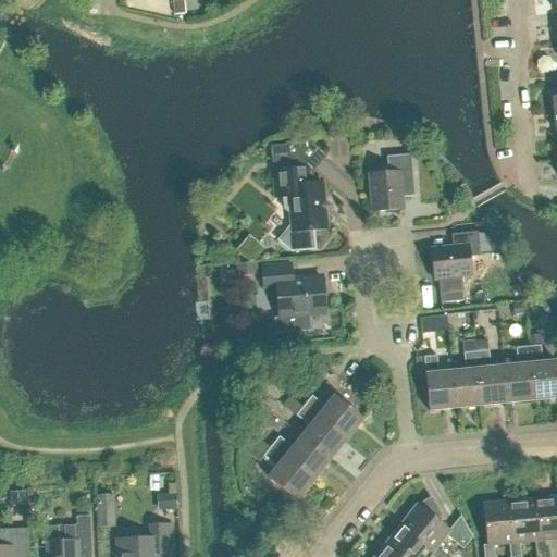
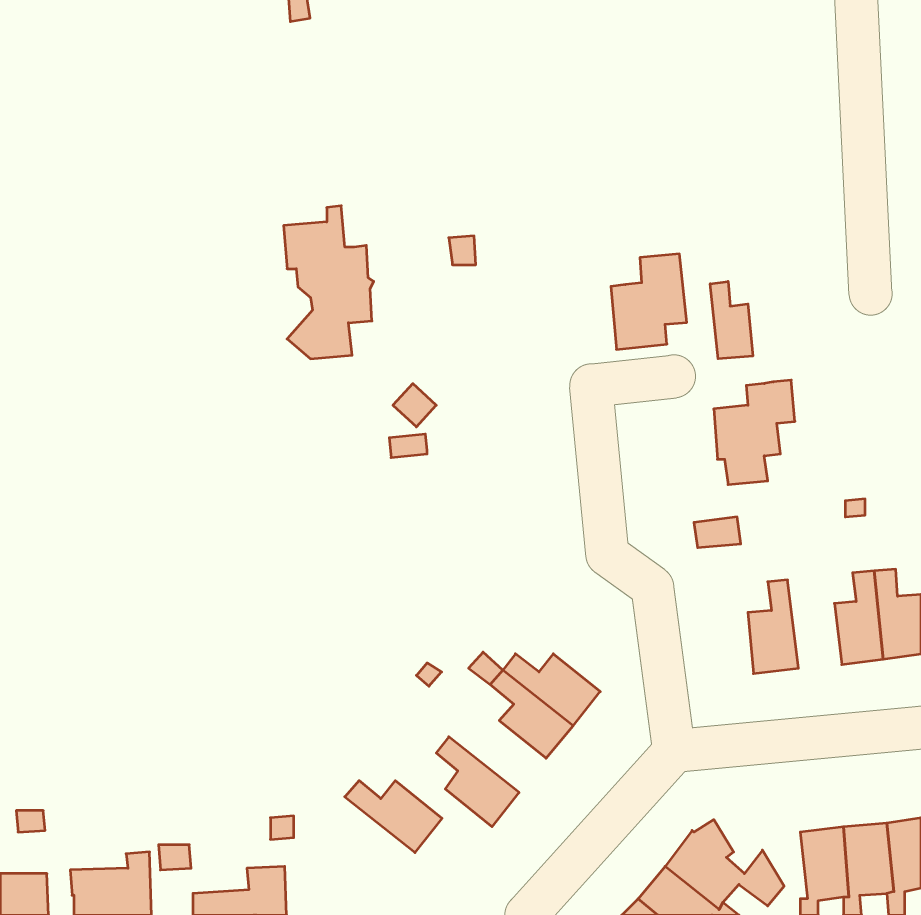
building: [273,158,327,250] -> [284,206,374,359]
building: none -> [710,281,753,359]
building: [261,262,324,331] -> none
building: [475,337,508,404] -> none
building: [423,354,455,409] -> none
building: [271,435,330,479] -> [345,781,442,853]

